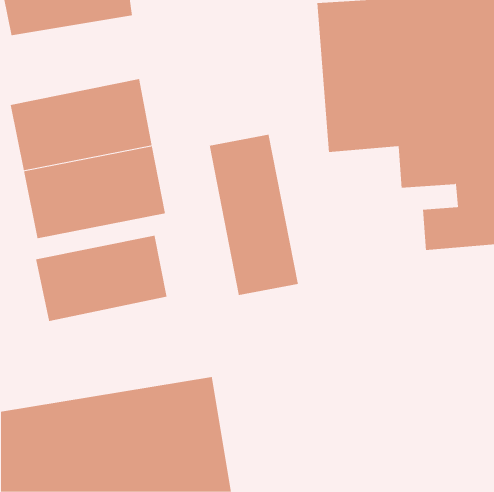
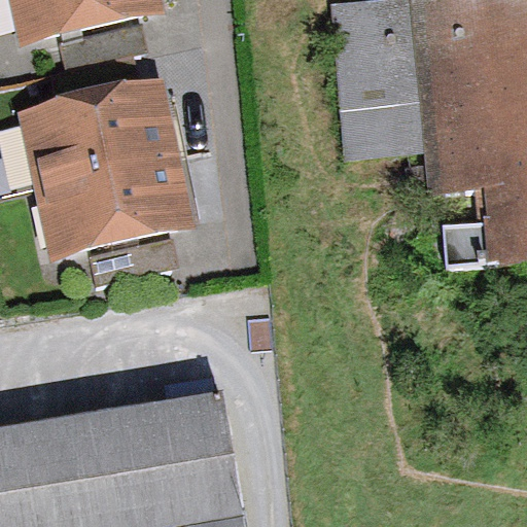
building: [209,134,298,296] -> none
building: [36,235,167,322] -> none

